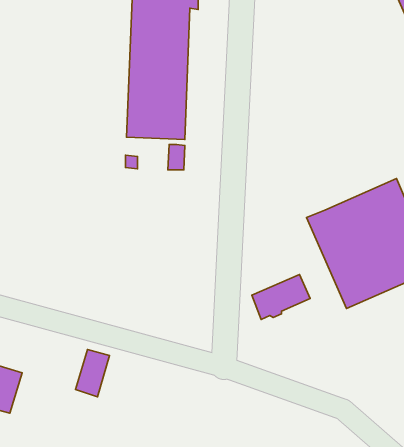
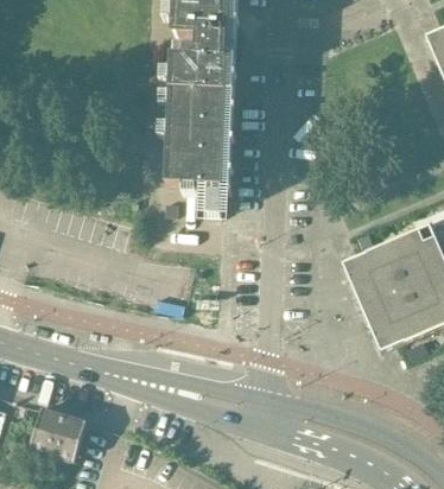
building: [252,275,310,319] -> none
building: [75,350,109,397] -> [52,415,85,462]

